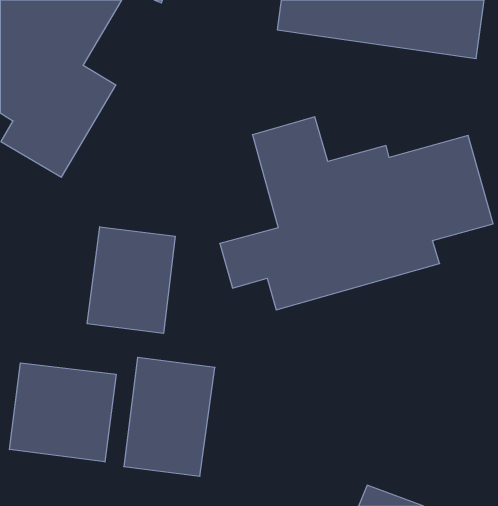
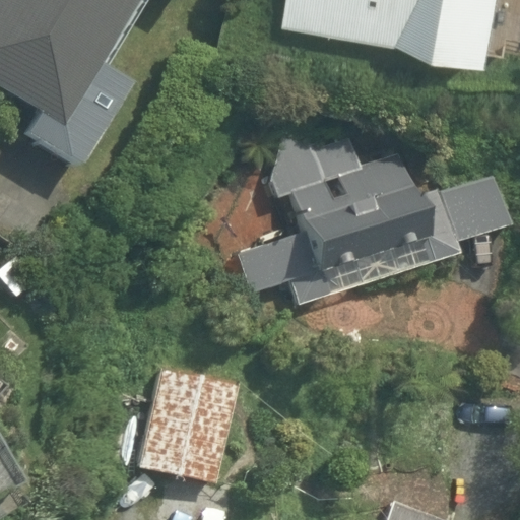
building: [87,227,175,333] -> none
building: [10,363,116,462] -> none

